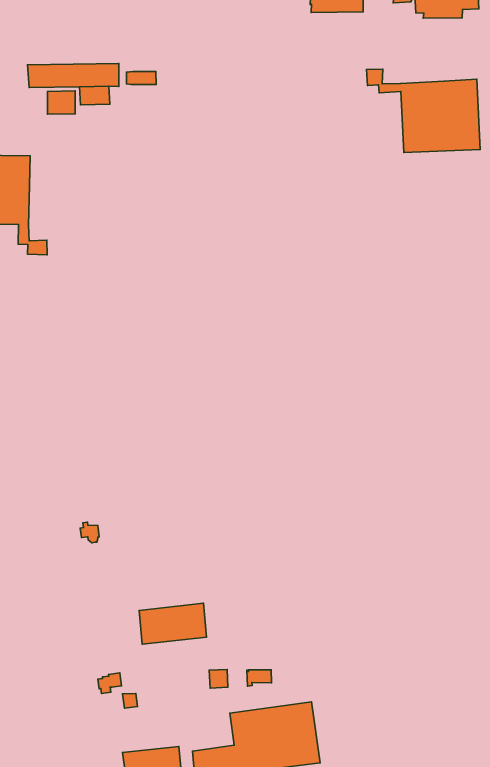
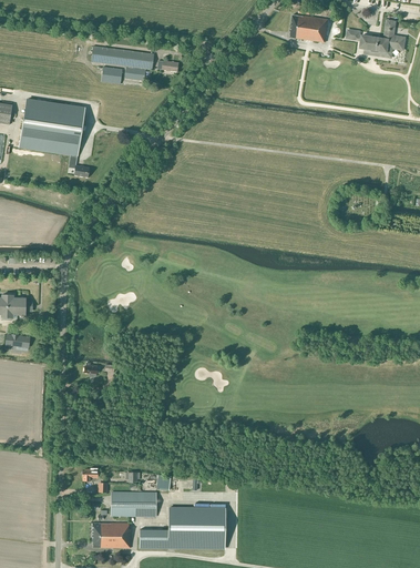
building: [367,69,480,153] -> none
building: [139,603,207,644] -> [111,493,156,517]

